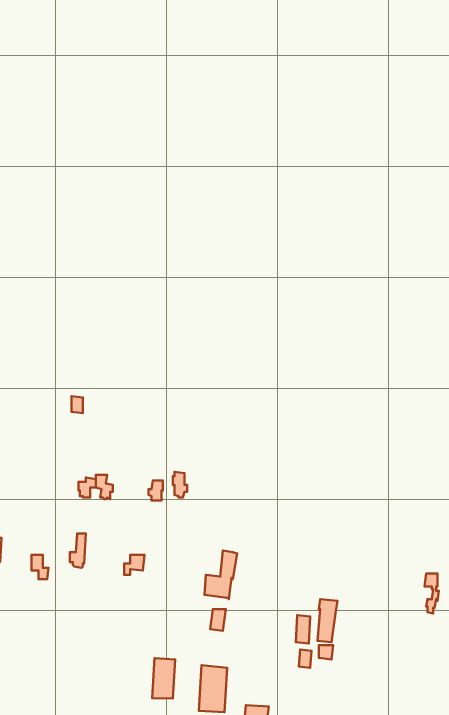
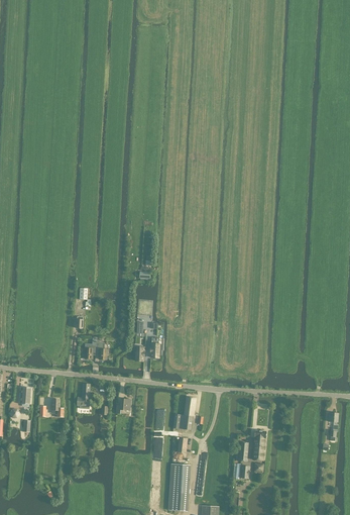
building: [152,658,175,698] -> none

